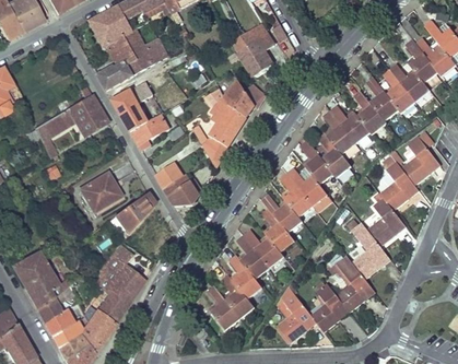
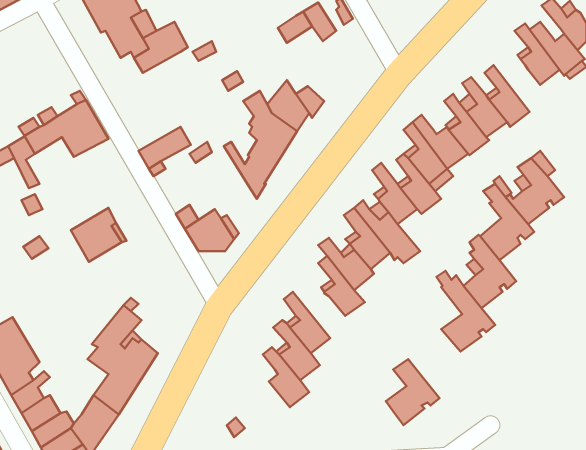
building: [238,40,271,75] -> none
building: [97,59,133,90] -> none
building: [389,63,430,103] -> none
building: [111,82,163,131] -> none
building: [115,192,155,234] -> none
building: [243,228,284,268] -> none
building: [336,255,375,312] -> none
building: [207,284,240,330] -> none
building: [278,286,317,342] -> none

